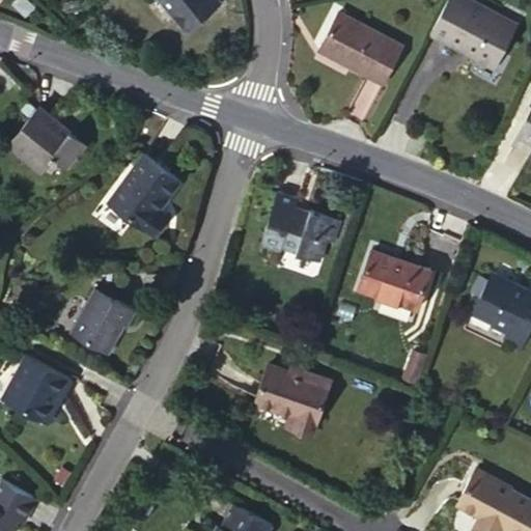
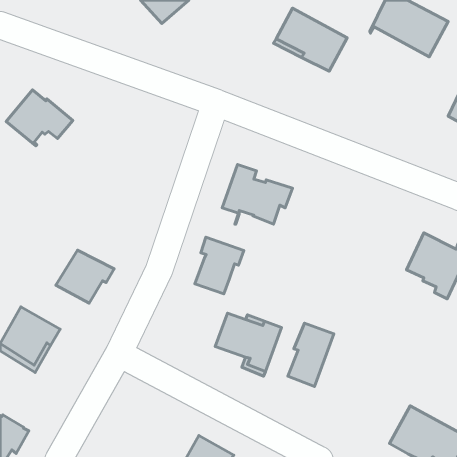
building: [110,158,183,240] -> none
building: [357,252,429,312] -> none
building: none -> [195,237,244,294]
building: none -> [288,323,334,386]

